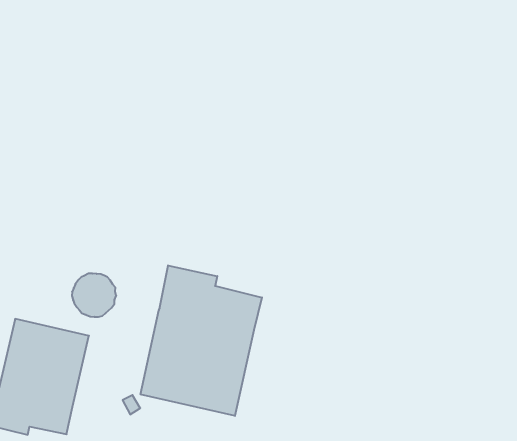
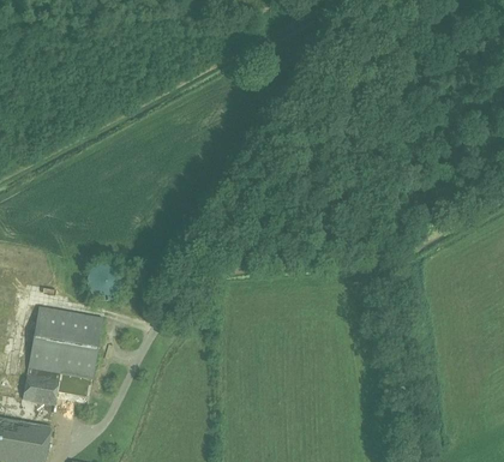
building: [141,265,262,416] -> none

